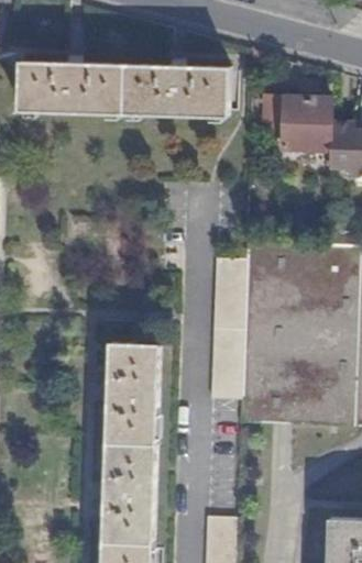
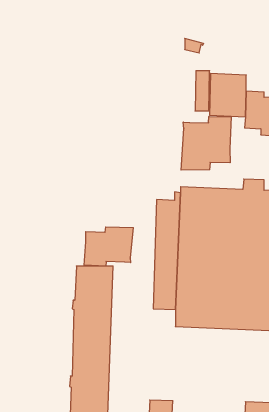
building: [18,59,228,117] -> none
building: none -> [181,116,231,170]
building: none -> [84,227,133,266]

